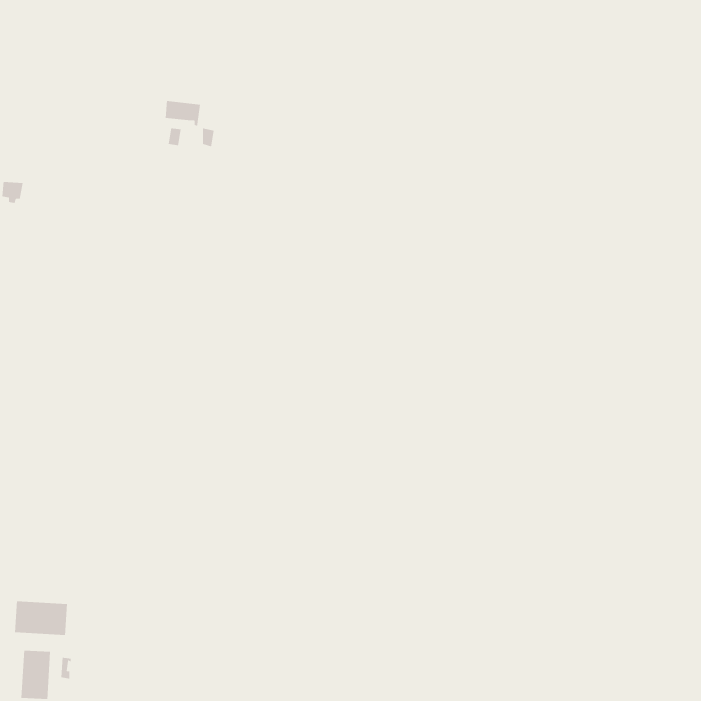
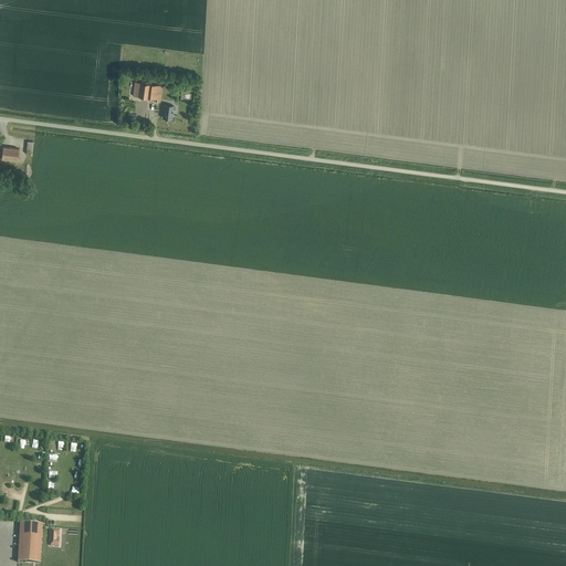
building: [14,601,67,636] -> none

